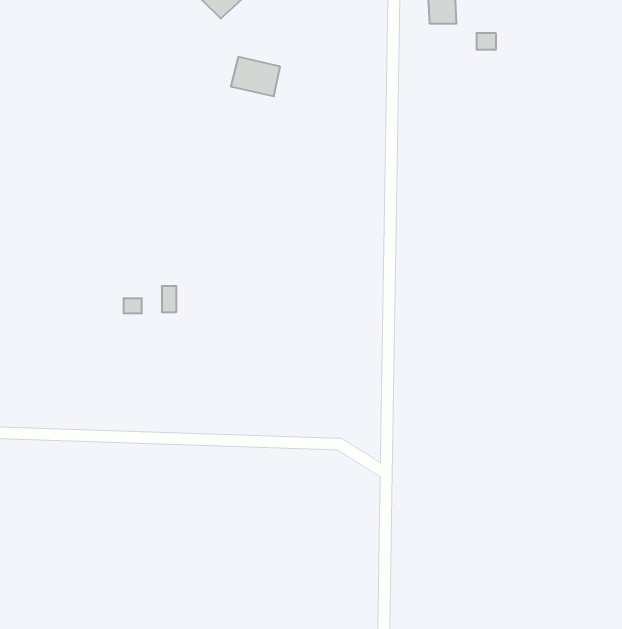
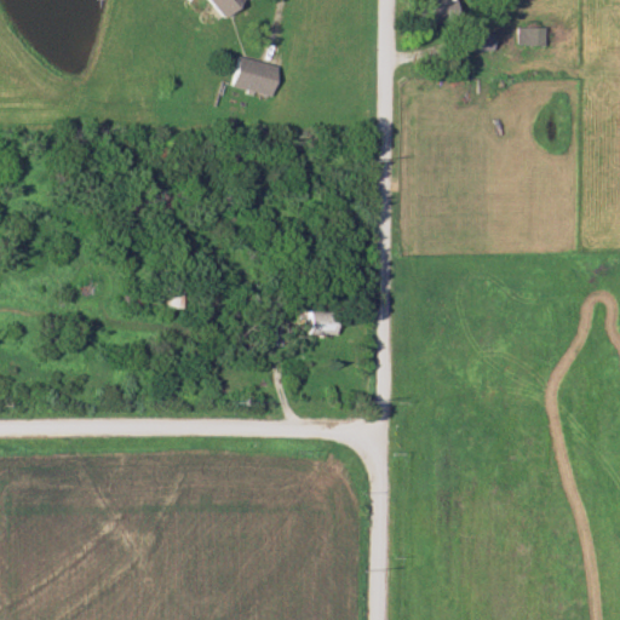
building: none -> [519,25,546,46]
building: none -> [311,311,338,333]

